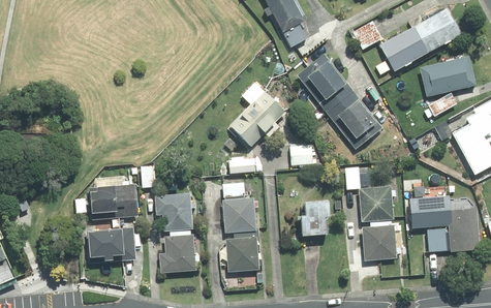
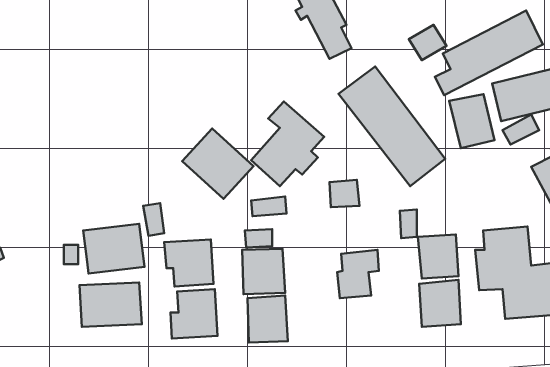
building: none -> [449,94,495,148]
building: none -> [182,129,254,199]

